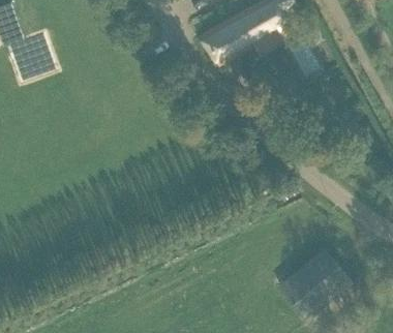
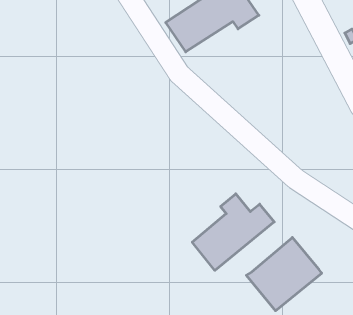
building: none -> [192,194,274,270]

